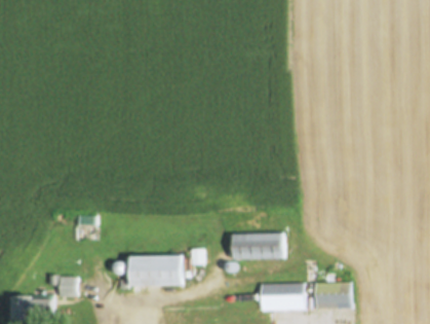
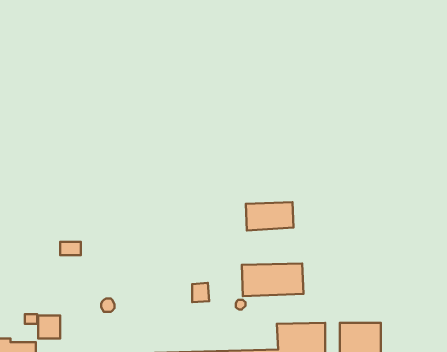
building: none -> [246,202,293,230]
building: [129,255,180,286] -> none

